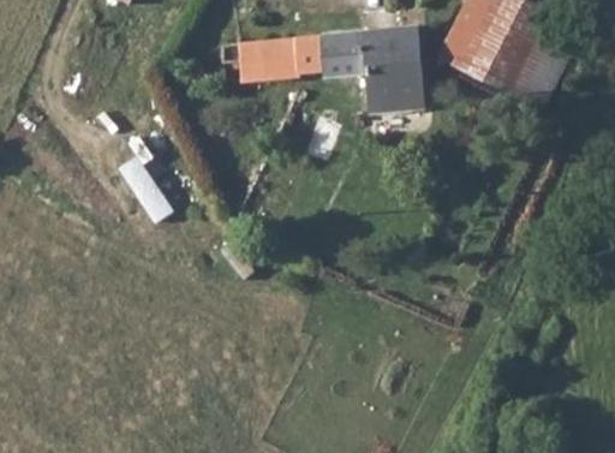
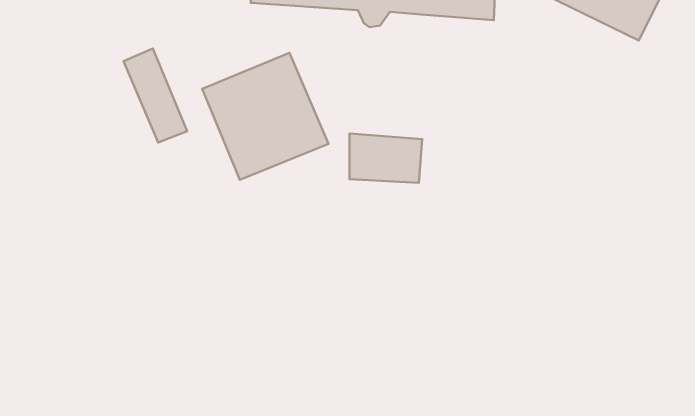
building: [351,76,411,115] -> [349,133,422,183]
building: none -> [202,53,329,180]

